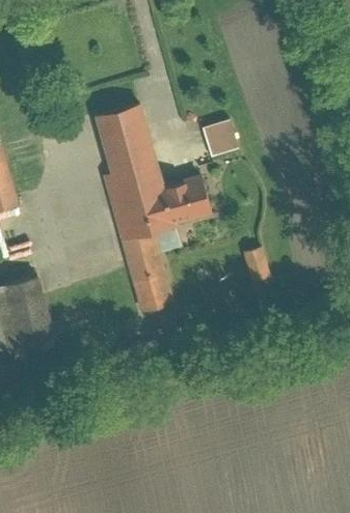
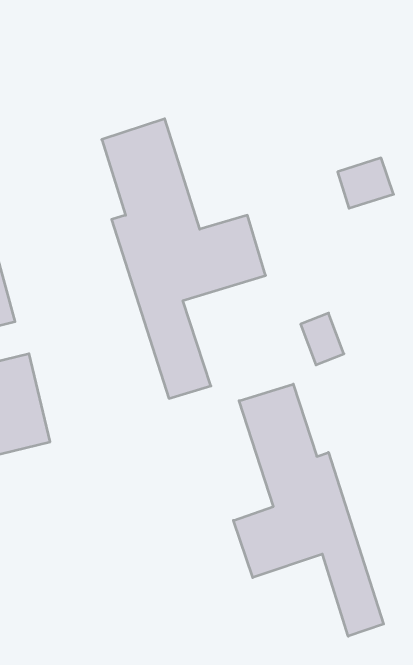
building: [203,118,244,155] -> [338,158,394,208]
building: none -> [233,384,384,636]

